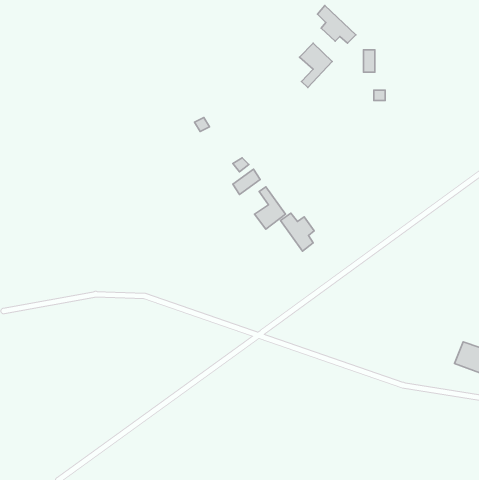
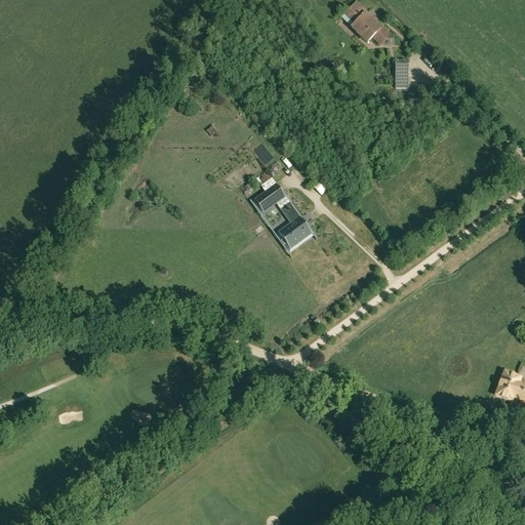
building: [299,43,332,88] -> none
building: [280,213,314,251] -> none

